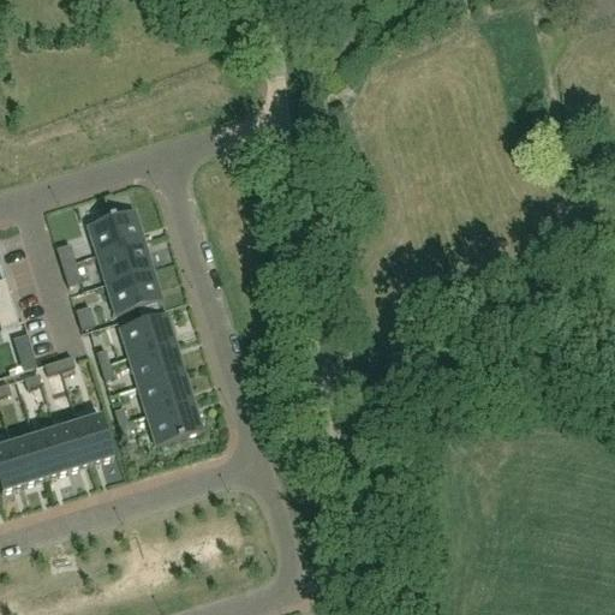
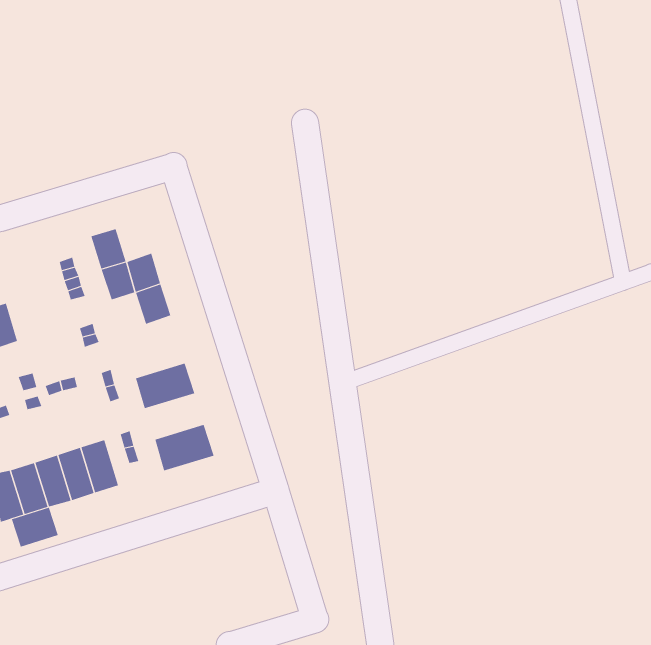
building: [109,208,143,246] -> none
building: [105,275,137,312] -> none
building: [118,311,174,356] -> none
building: [136,370,192,413] -> none
building: none -> [11,507,58,548]

